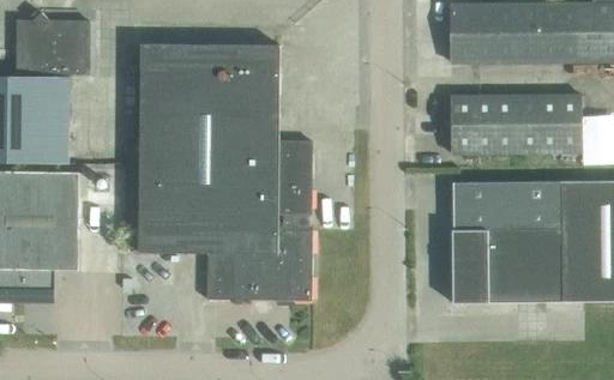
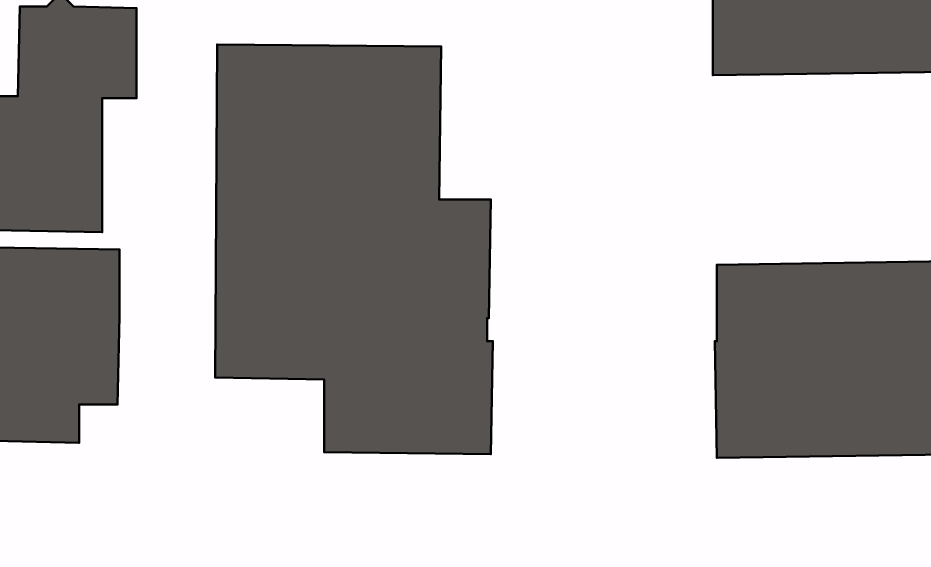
building: [451,95,582,155] -> none

